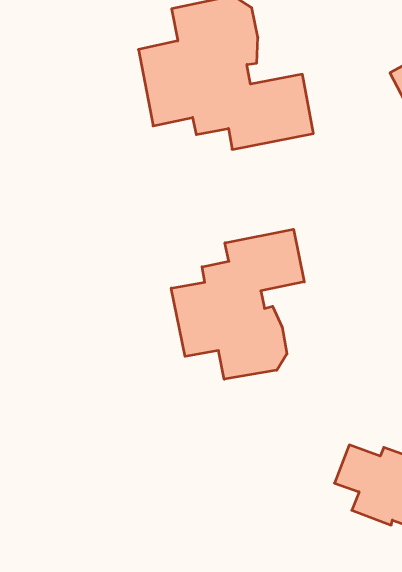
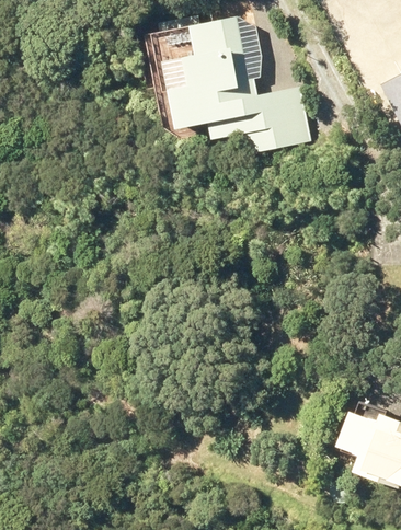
building: [171,229,304,379] -> none

